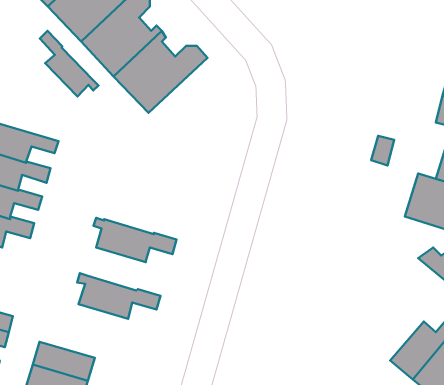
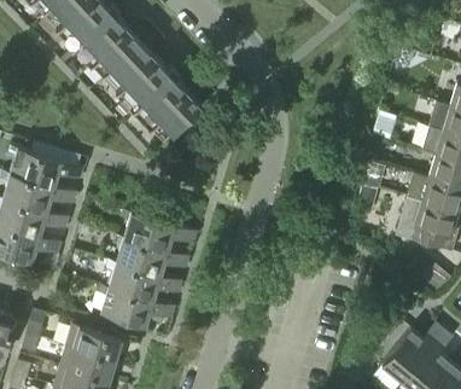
building: [40,31,99,97] -> none
building: none -> [123,210,197,250]
building: none -> [107,261,182,301]
building: none -> [66,326,122,361]

